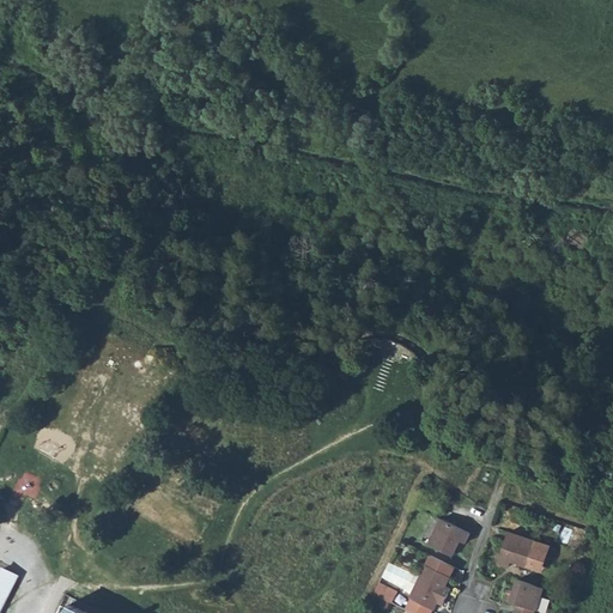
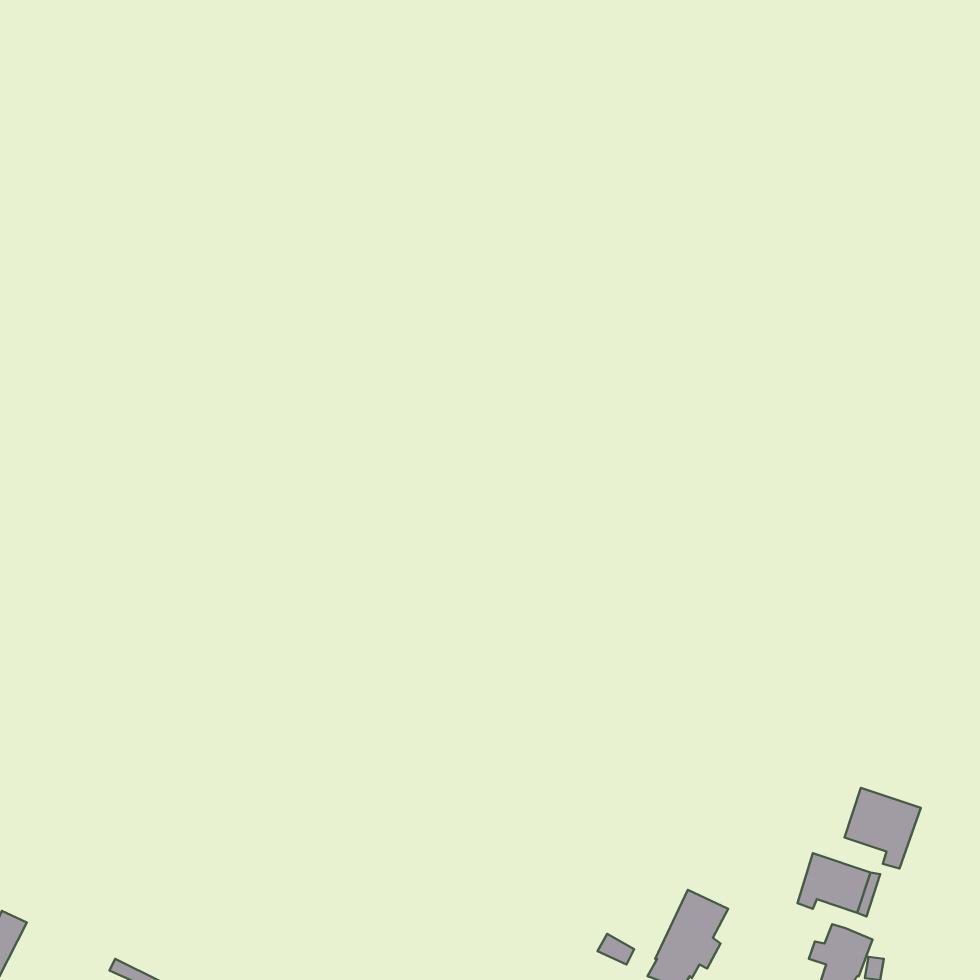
building: none -> [844,788,921,868]
building: [426,517,460,557] -> none

